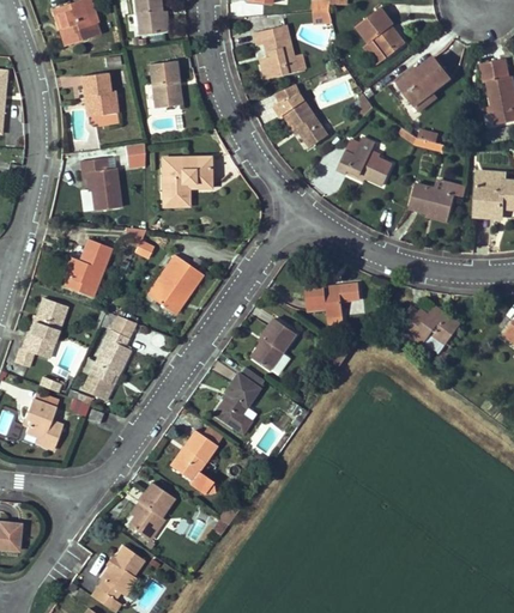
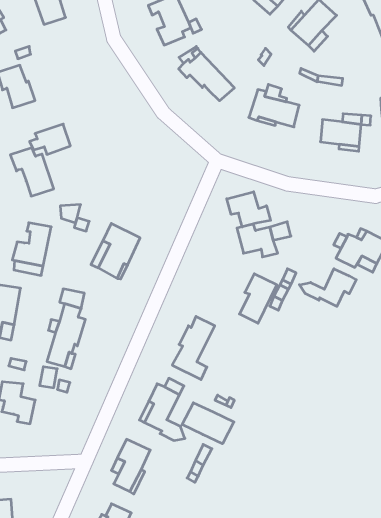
building: [151,59,179,107] -> none
building: [162,156,210,205] -> none
building: none -> [227,192,271,227]
building: [253,318,297,371] -> [239,274,277,323]
building: none -> [299,269,356,306]
building: none -> [182,403,234,444]

